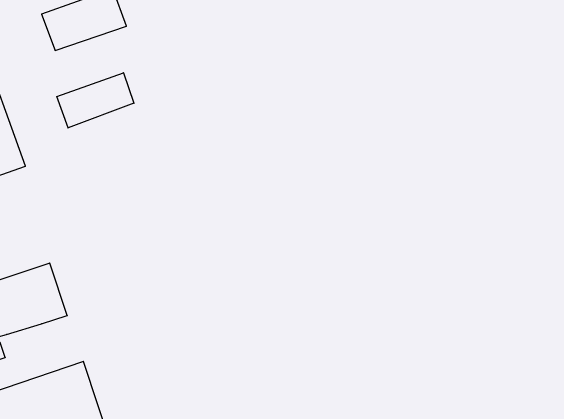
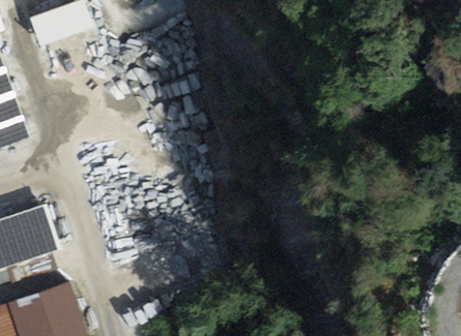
building: [57,73,134,128] -> none

